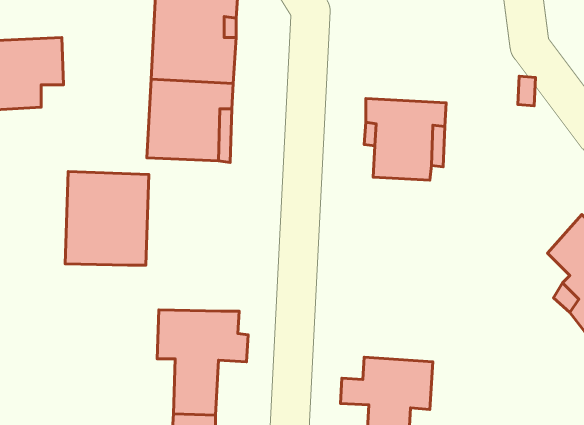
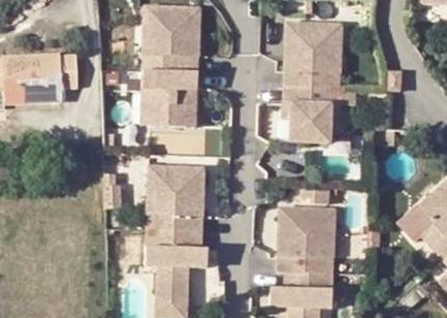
building: none -> [287,27,345,93]
building: [65,171,149,265] -> [143,172,201,237]
building: none -> [278,205,338,273]

